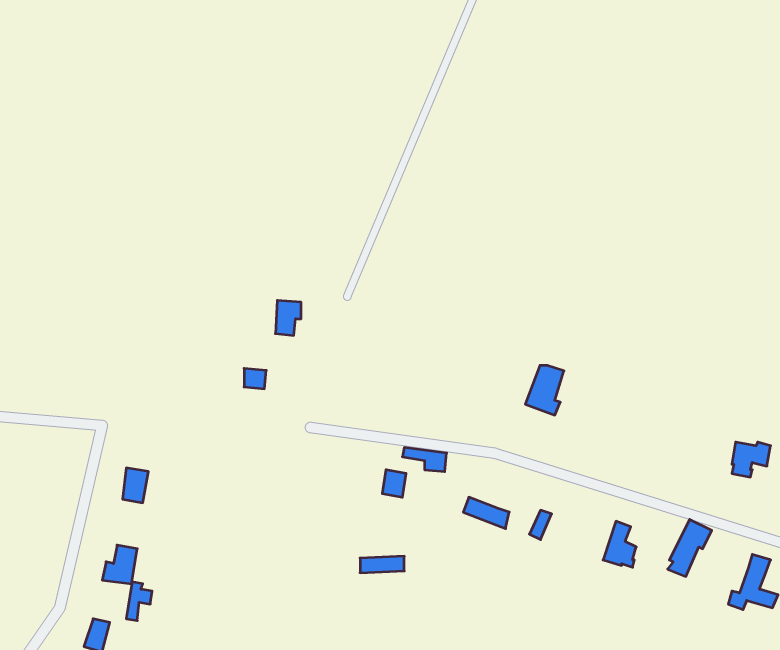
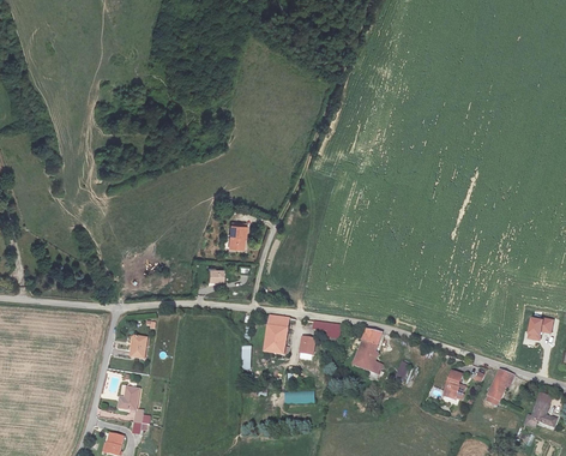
building: [525,365,564,415] -> [356,328,381,360]
building: none -> [264,313,290,354]

